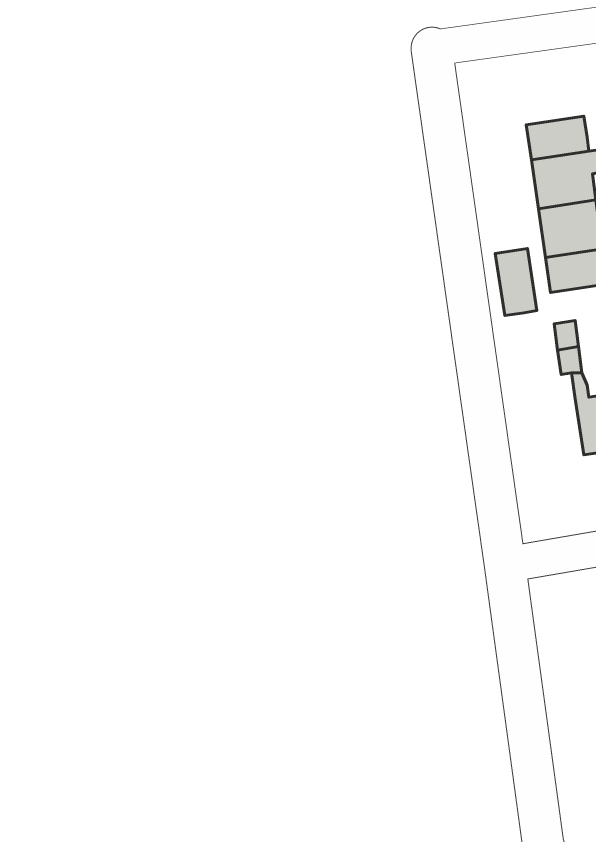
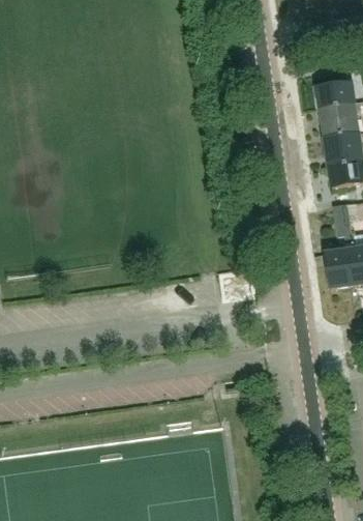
building: [495,248,537,315] -> none
building: none -> [326,250,352,286]

